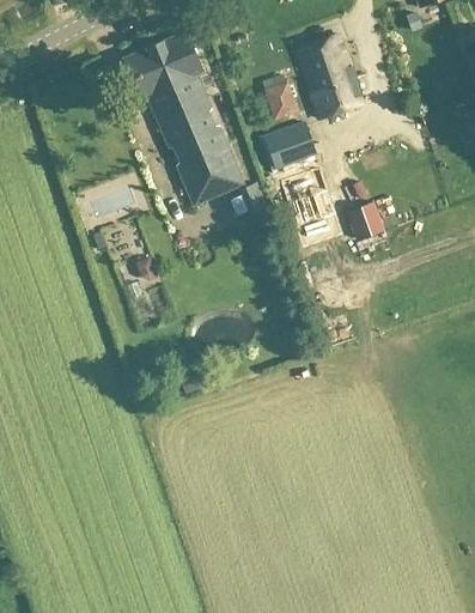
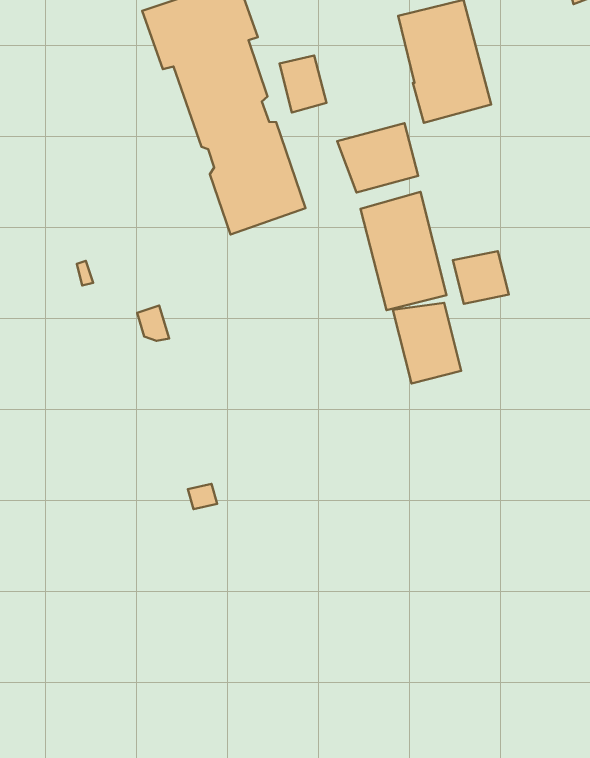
building: [263,80,297,120] -> [280,56,327,113]
building: none -> [393,303,461,383]

